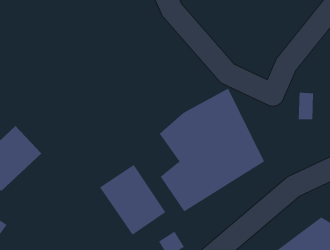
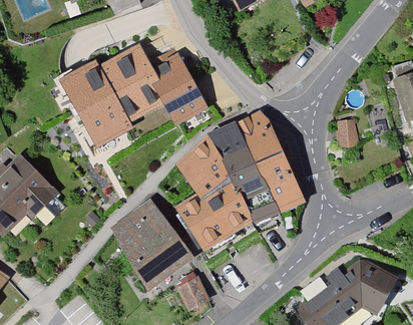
building: none -> [63,37,211,137]

